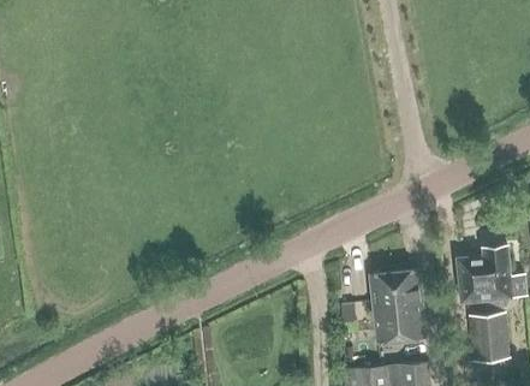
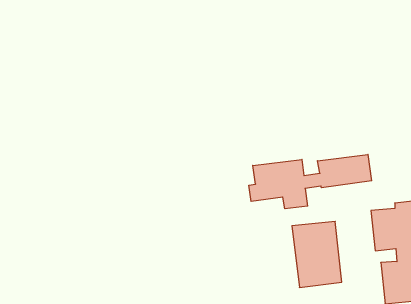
building: none -> [249,154,372,209]

